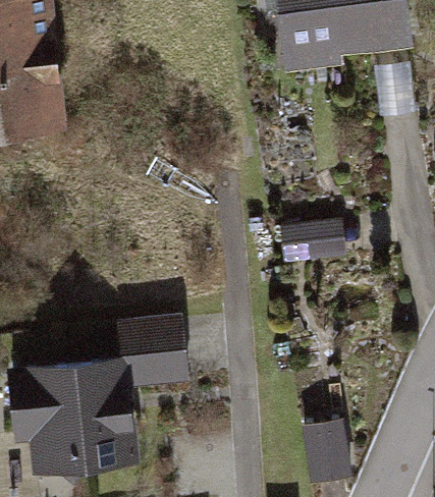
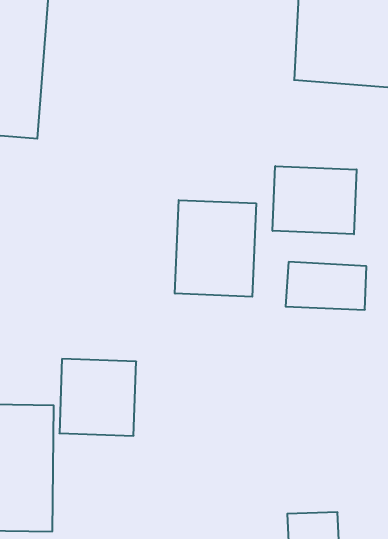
building: none -> [273,166,357,234]
building: none -> [175,200,256,297]

